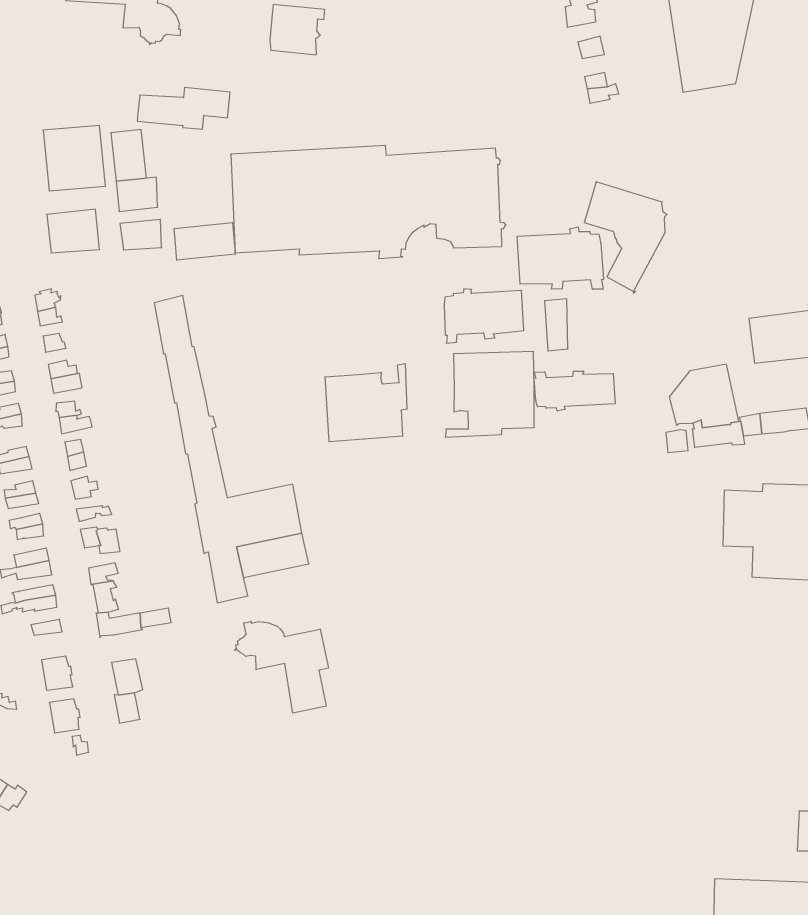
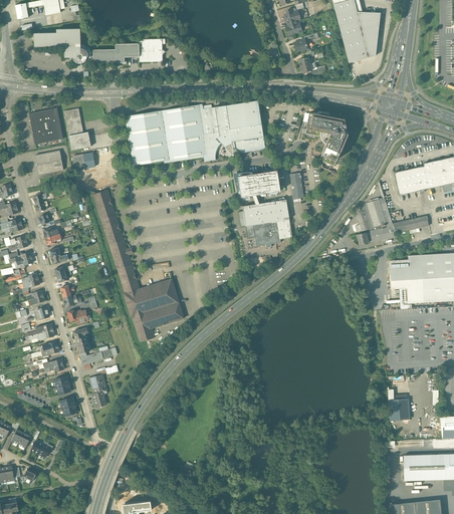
building: [137,88,230,129] -> [93,44,139,64]
building: [174,222,235,260] -> none
building: [517,227,604,289] -> none
building: [325,364,407,442] -> none
building: [534,371,615,411] -> none
building: [235,621,328,713] -> none
building: none -> [390,399,411,420]

